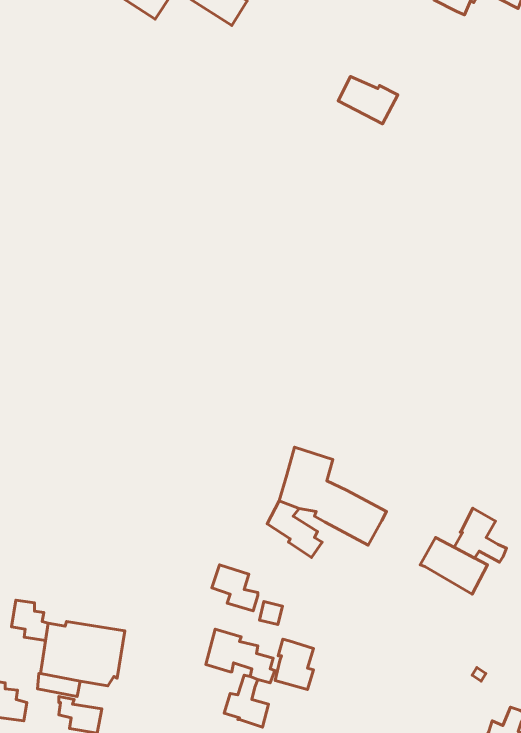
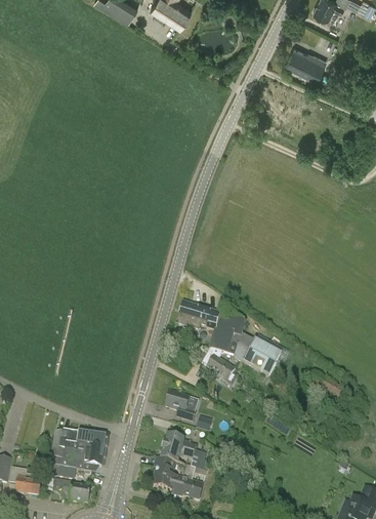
building: [338,76,398,124] -> [286,46,326,78]
building: none -> [177,300,220,329]
building: [454,508,507,562] -> none
building: [12,600,48,640] -> none
building: [275,639,314,690] -> [152,454,177,488]

